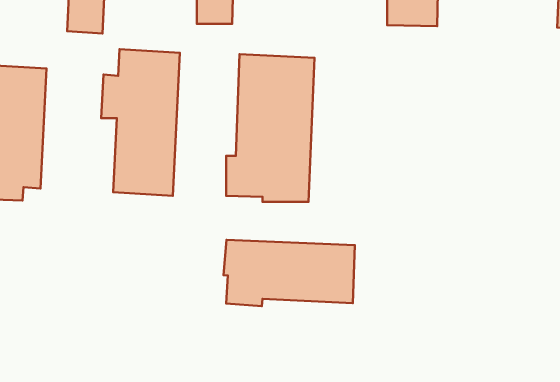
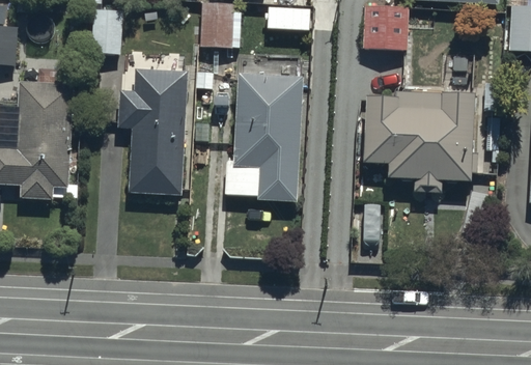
building: none -> [364,89,478,191]
building: [223,240,355,306] -> none

